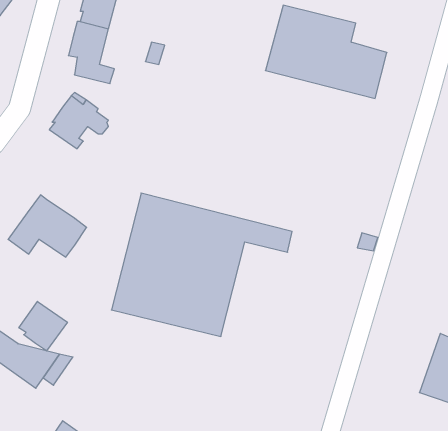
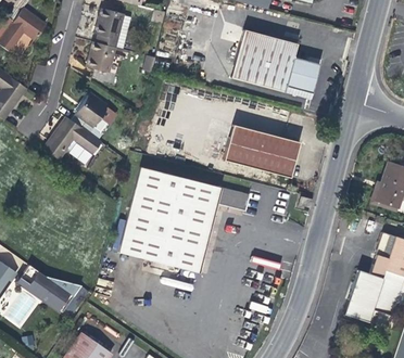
building: none -> [223,124,299,176]
building: [8,195,87,257] -> [43,116,101,162]
building: [19,301,67,351] -> none

